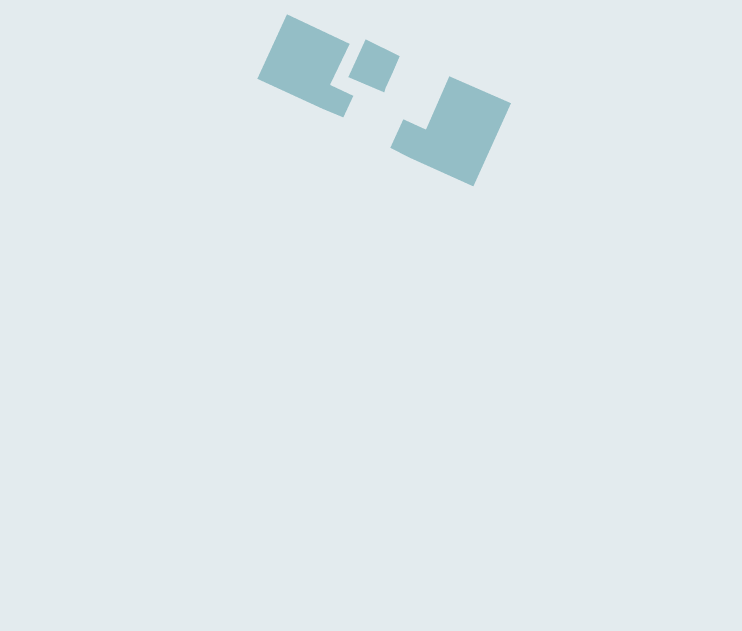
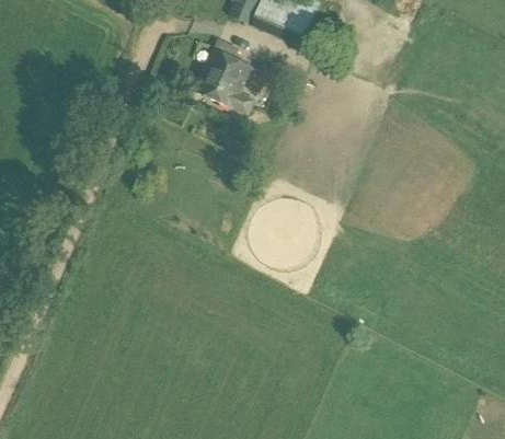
building: [389,75,512,188] -> none

